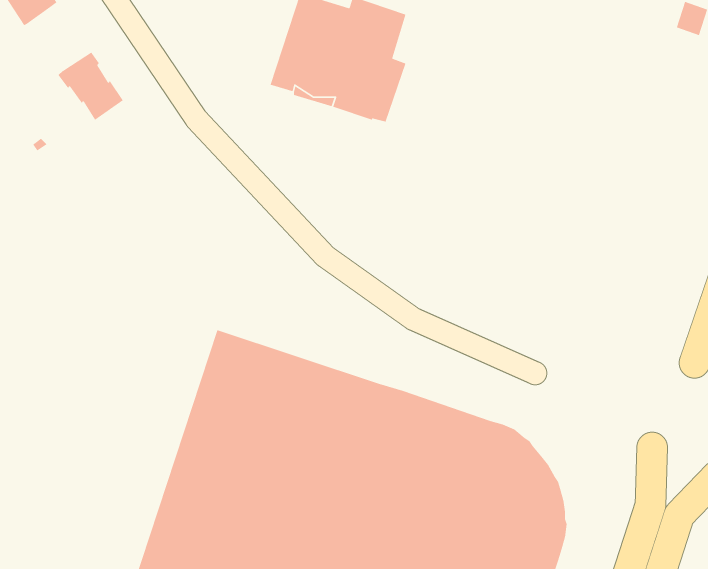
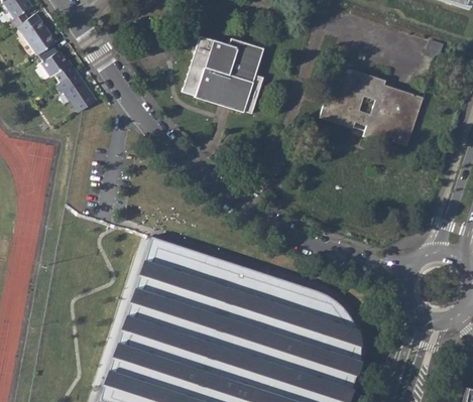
building: none -> [40,45,79,83]
building: none -> [322,70,425,147]

